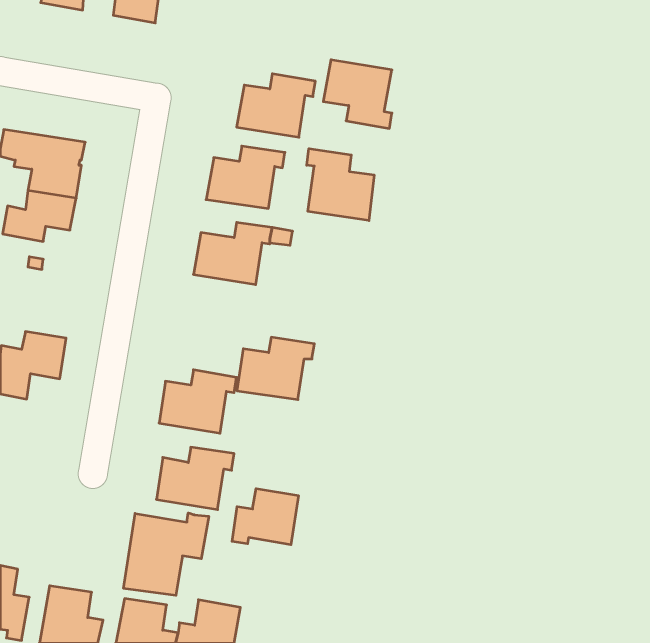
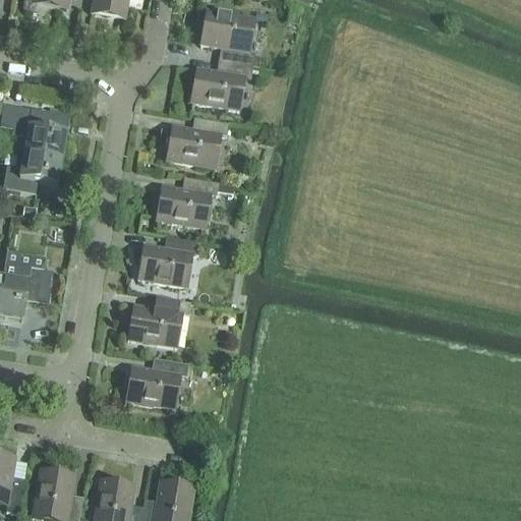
building: [323,60,392,128] -> [199,10,254,65]
building: [307,149,374,221] -> none
building: [237,337,314,400] -> [137,236,199,286]
building: [232,489,298,545] -> none
building: [124,513,209,595] -> none

